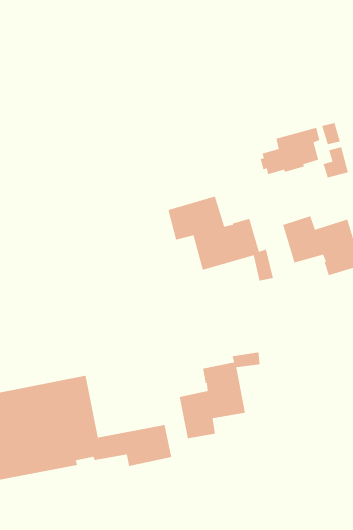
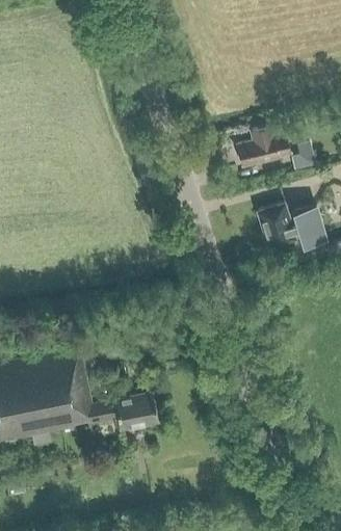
building: [167,195,274,281] -> none
building: [179,352,261,439] -> none

